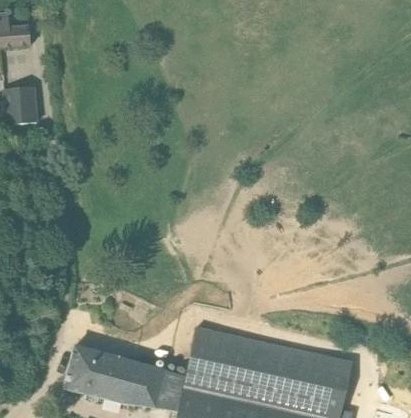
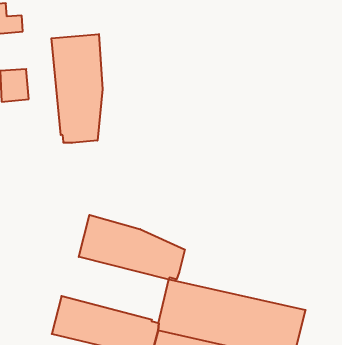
building: none -> [51,34,103,143]
building: none -> [79,215,185,279]

